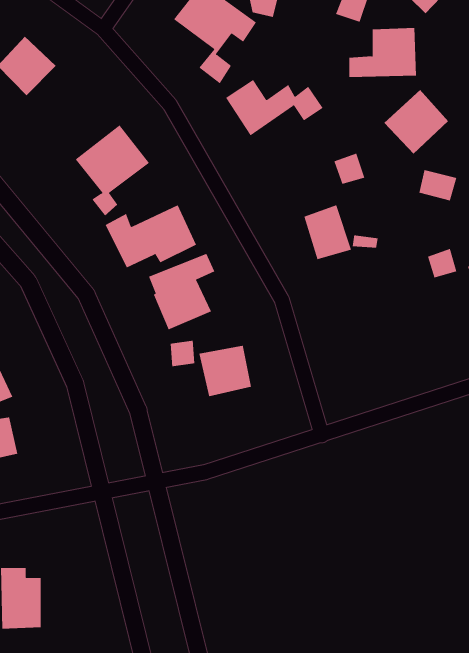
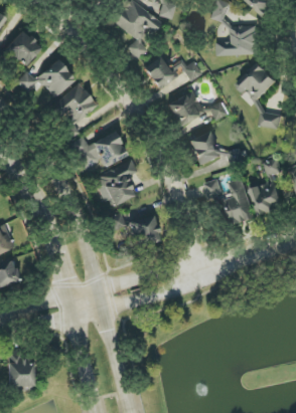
building: none -> [15,59,72,97]
building: none -> [165,90,201,126]
building: none -> [203,178,253,225]
building: none -> [248,178,283,216]

